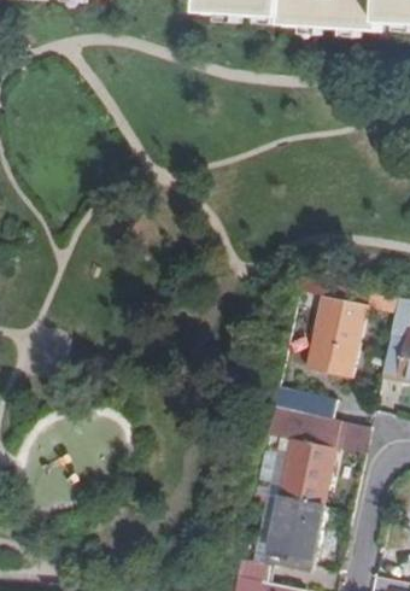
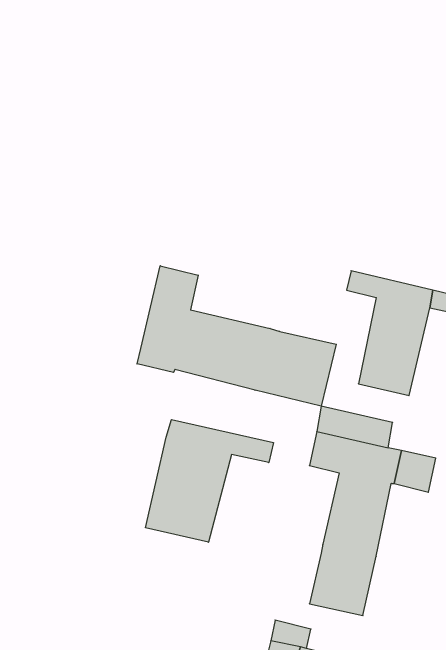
building: none -> [137,266,336,406]
building: none -> [146,420,273,542]

